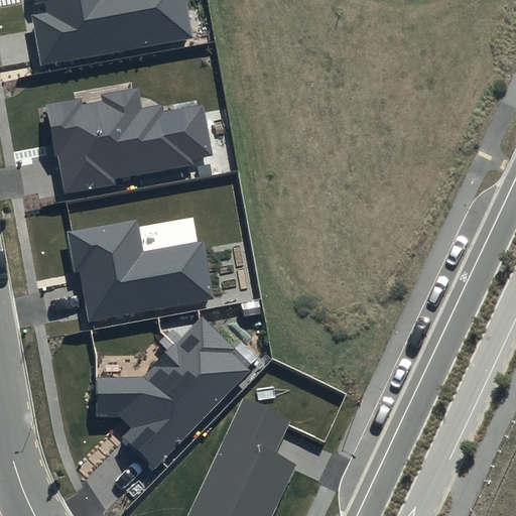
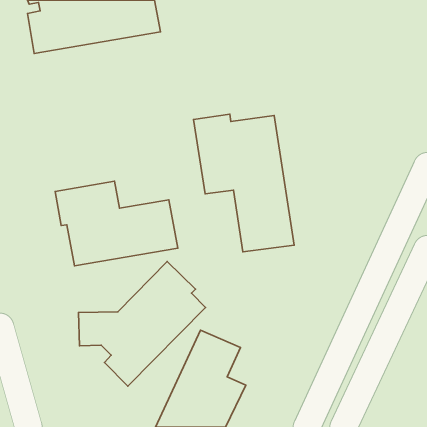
building: [45,89,212,192] -> none
building: none -> [194,114,294,252]

